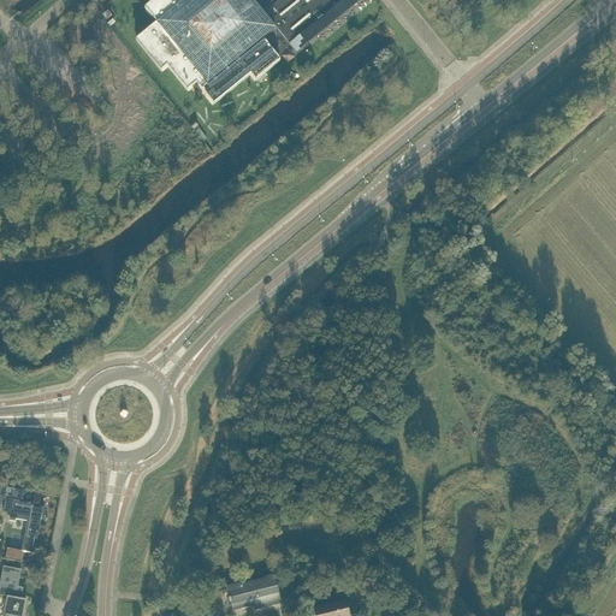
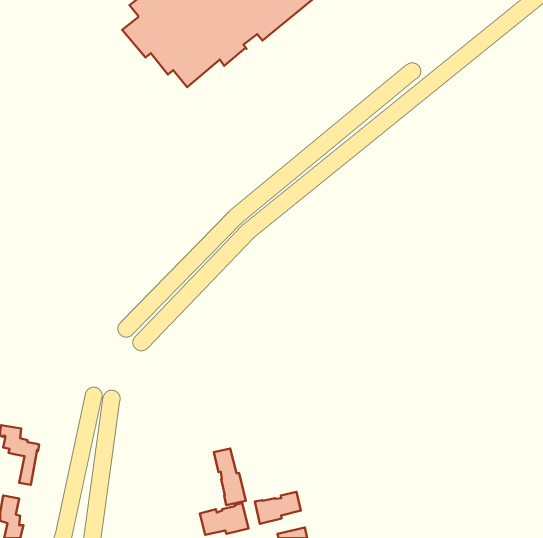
building: none -> [214,449,246,505]
building: none -> [255,492,301,524]

